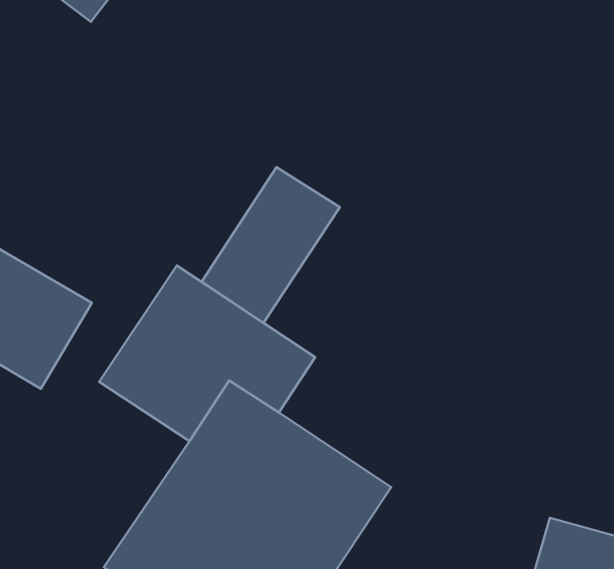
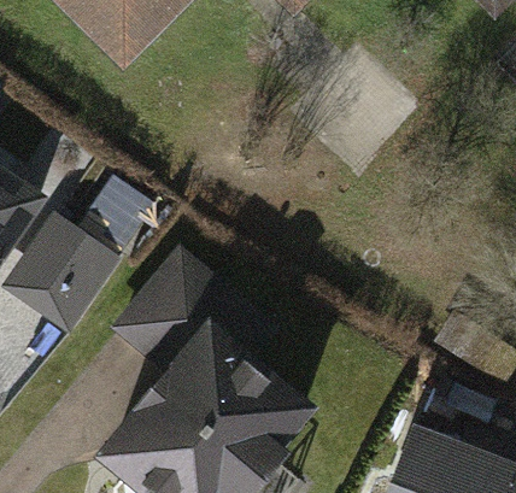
building: [202,167,340,323] -> none

